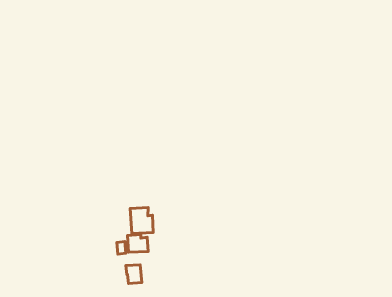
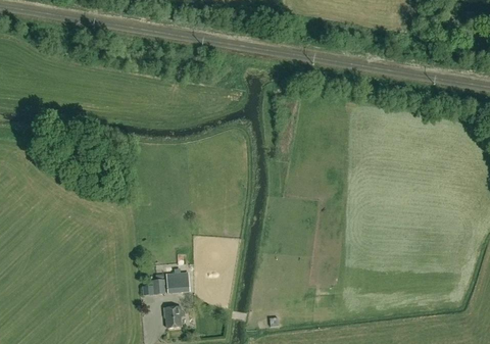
building: [130,208,153,234] -> none

